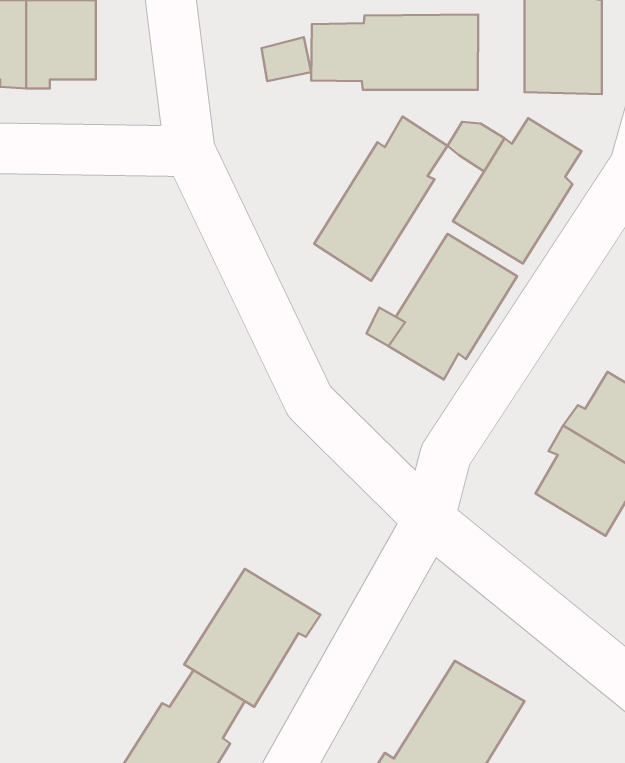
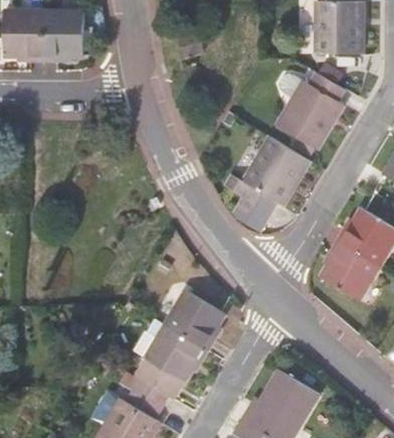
building: [311,15,478,90] -> none
building: [314,116,447,281] -> none
building: none -> [165,289,222,347]

